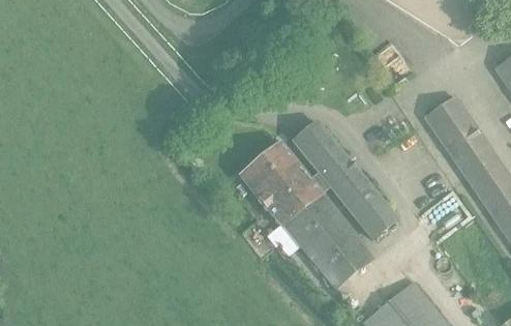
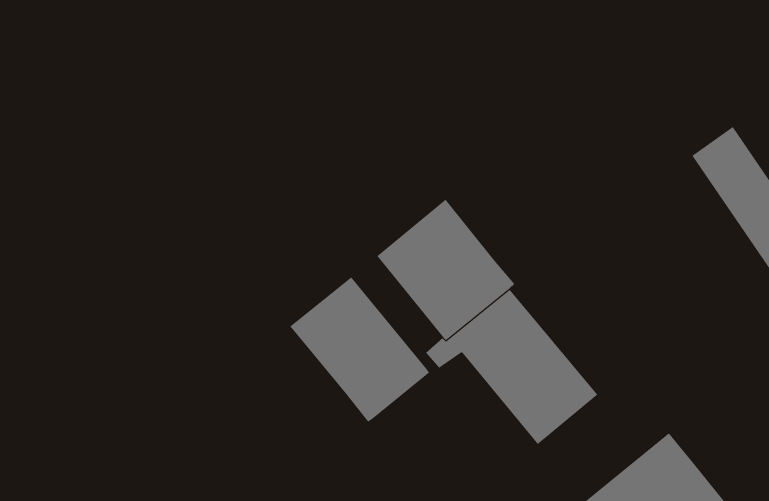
building: [293,121,398,239] -> none
building: none -> [289,277,430,422]

